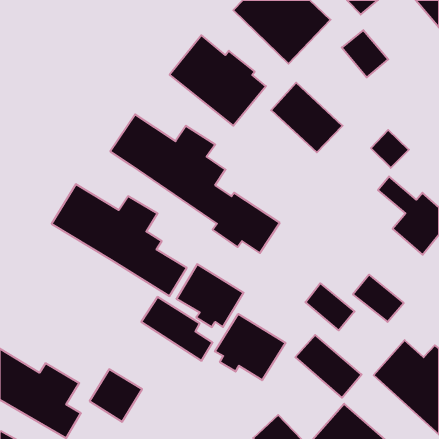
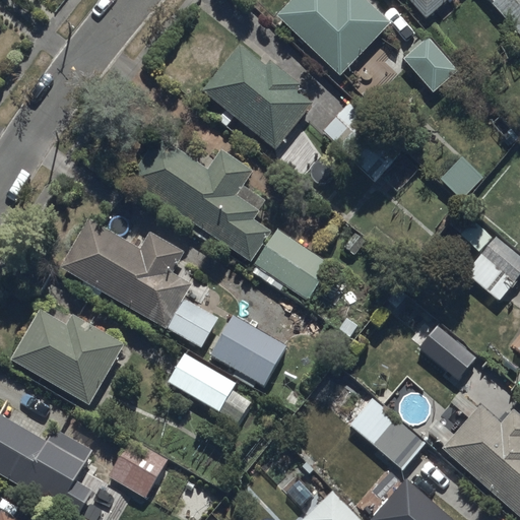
building: none -> [8,309,123,404]
building: [305,283,355,330] -> none
building: [215,314,285,380] -> none

